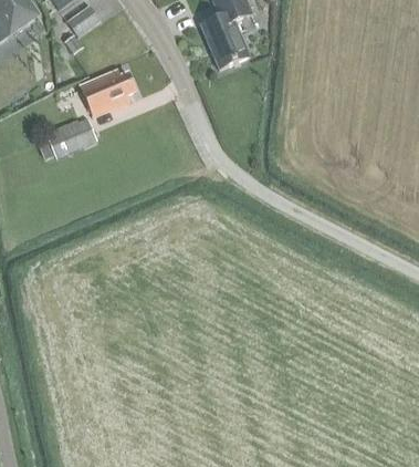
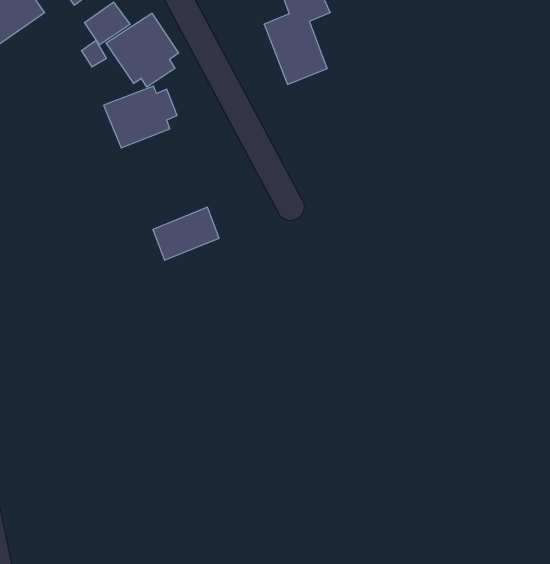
building: none -> [106,13,178,87]
building: [45,117,95,157] -> [153,207,219,260]

